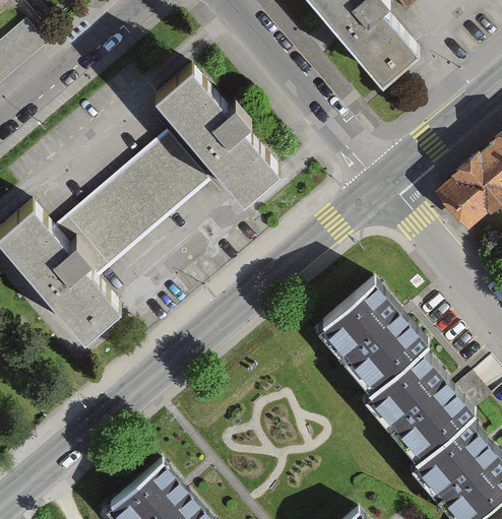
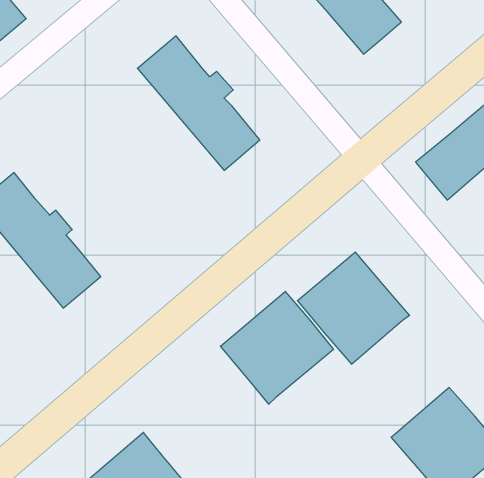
building: [53,134,206,278] -> none
building: none -> [220,291,334,404]
building: [362,349,472,460] -> none

